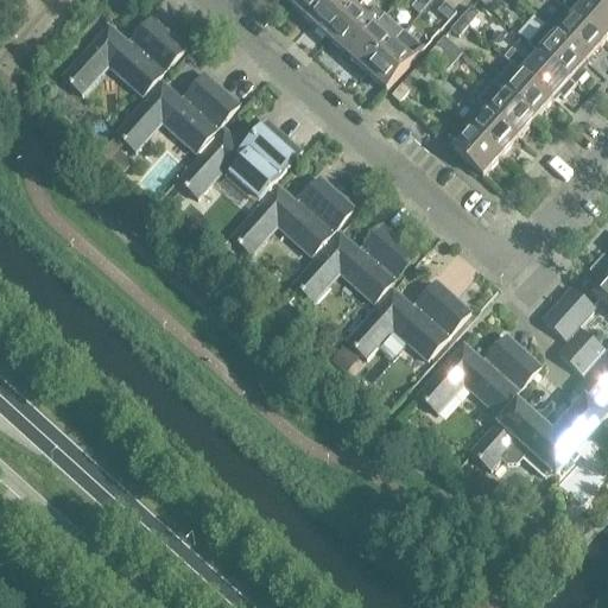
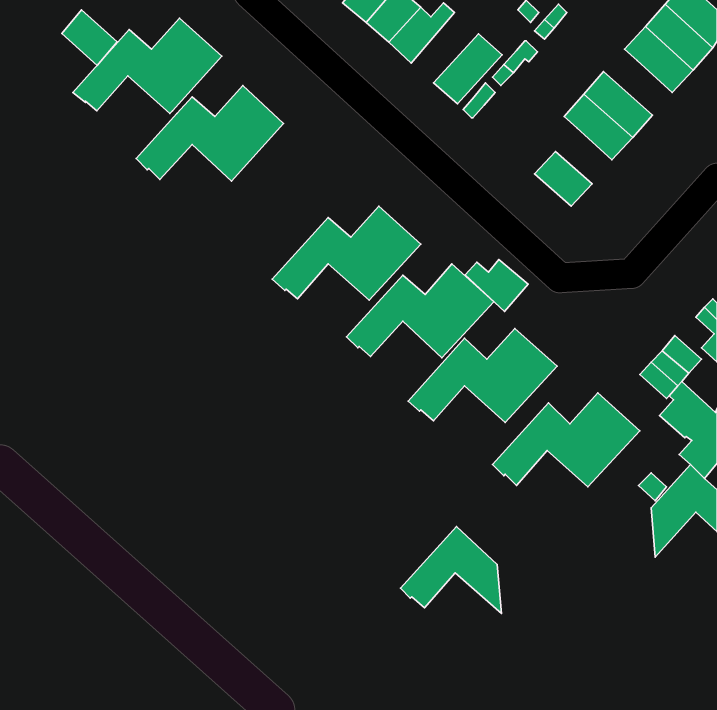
building: none -> [62,10,117,65]
building: [348,11,405,70] -> none
building: [504,45,569,97] -> none
building: [470,108,518,156] -> none
building: [177,120,302,200] -> none
building: none -> [465,260,528,312]
building: [469,398,555,471] -> [401,527,502,614]

